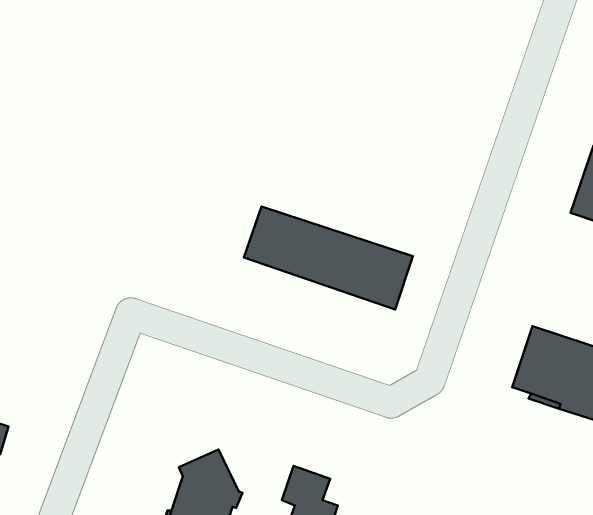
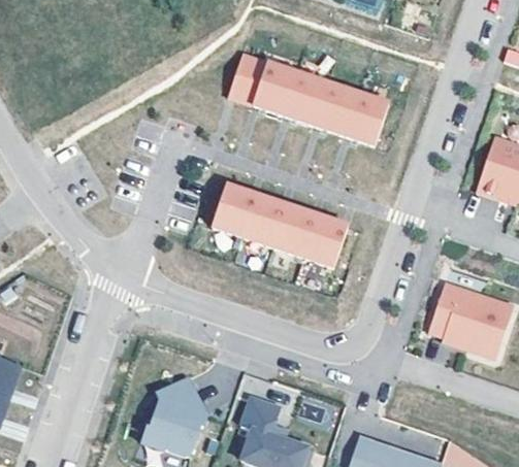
building: none -> [228,53,389,145]

